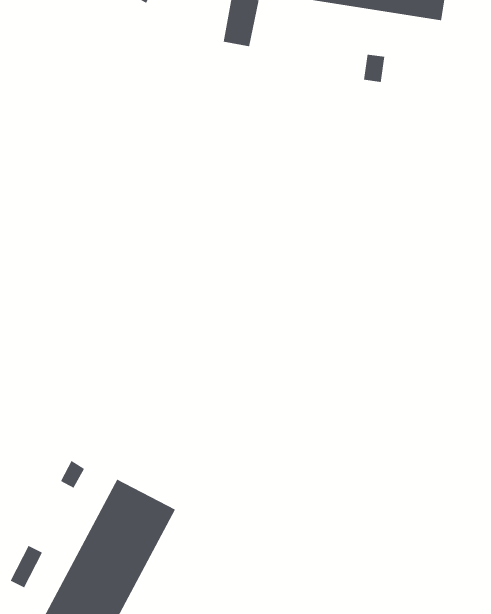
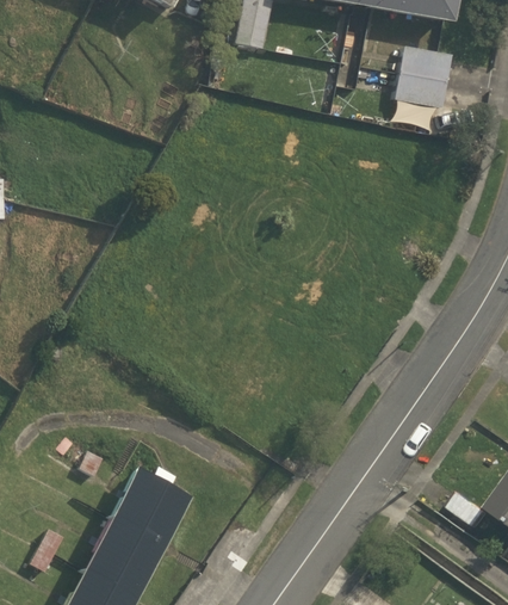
building: none -> [395,45,451,107]

